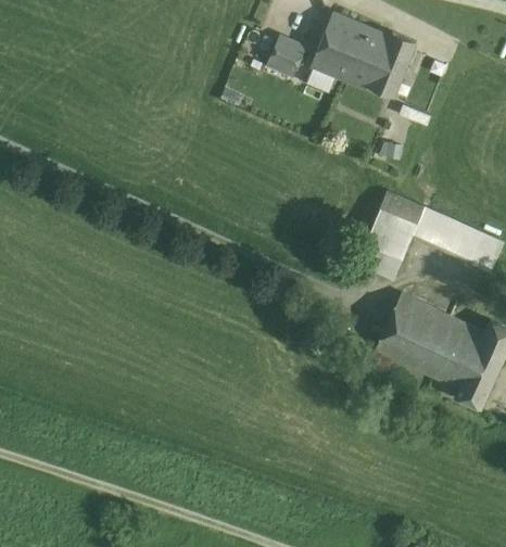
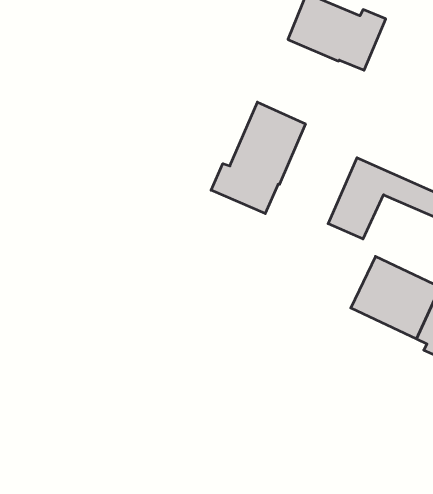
building: [265,37,304,75] -> none
building: none -> [211,102,305,214]

